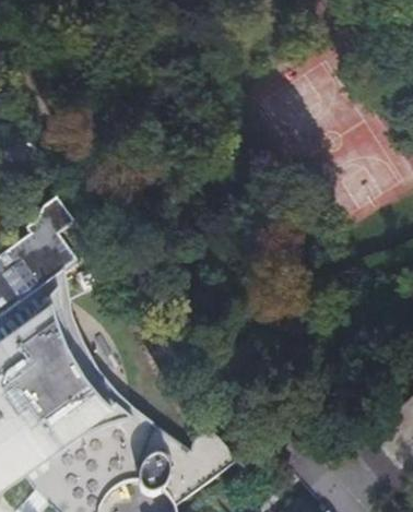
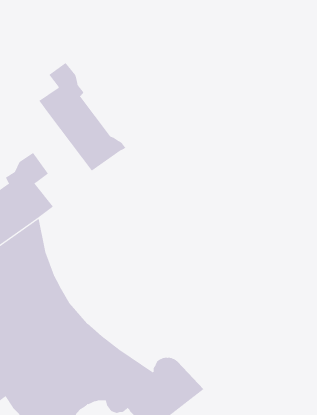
building: none -> [38,62,126,171]

